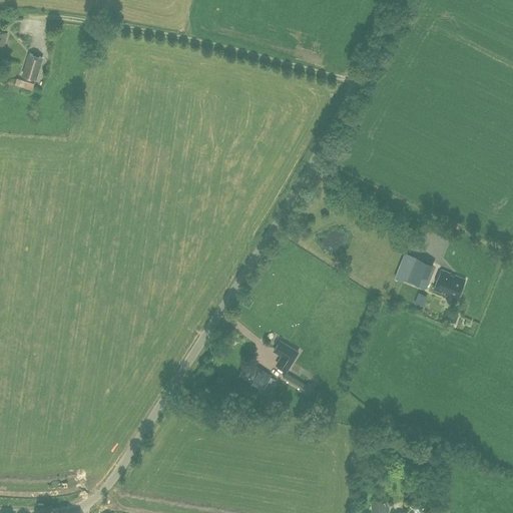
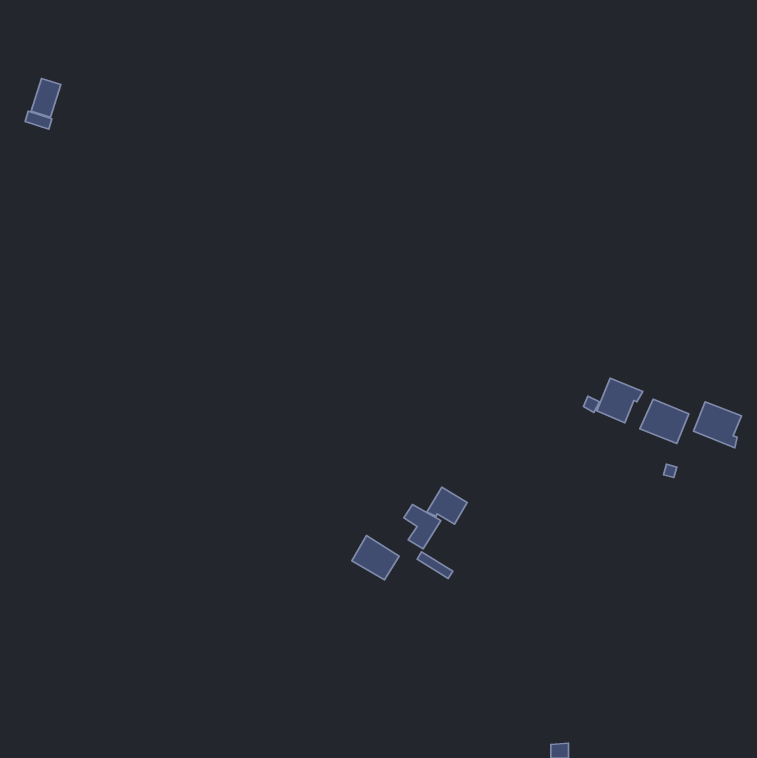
building: none -> [693,402,741,448]
building: none -> [427,487,467,524]

